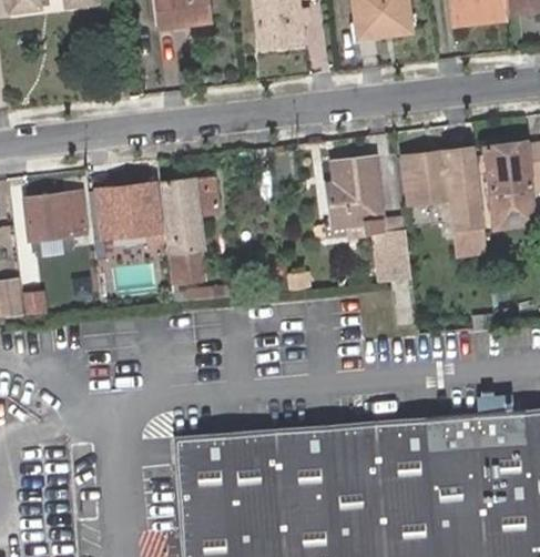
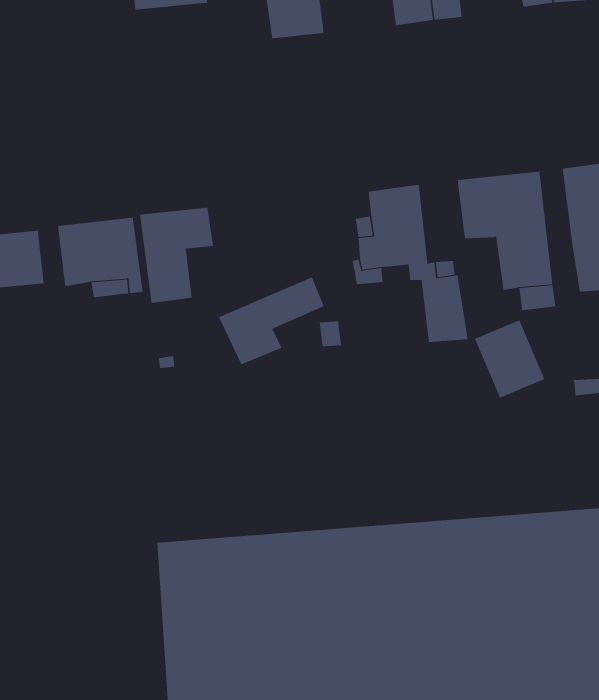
building: none -> [218,277,324,365]
building: [169,246,204,283] -> none
building: none -> [474,320,545,399]

